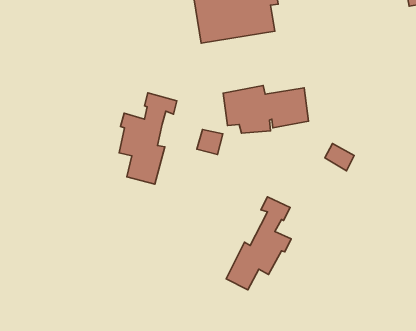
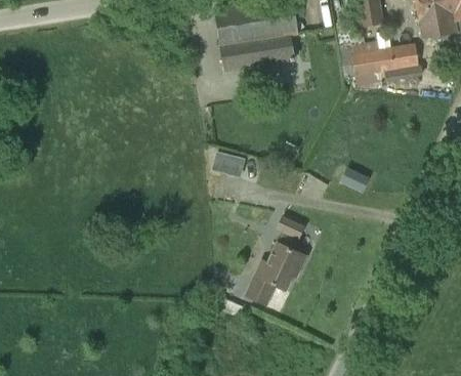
building: [223,86,309,133] -> [339,41,420,86]
building: [119,93,177,184] -> none

